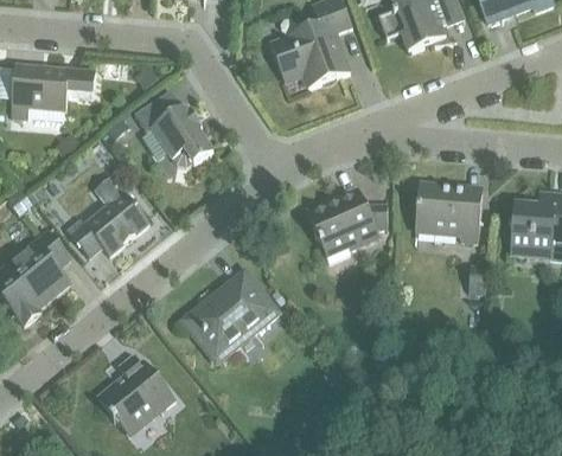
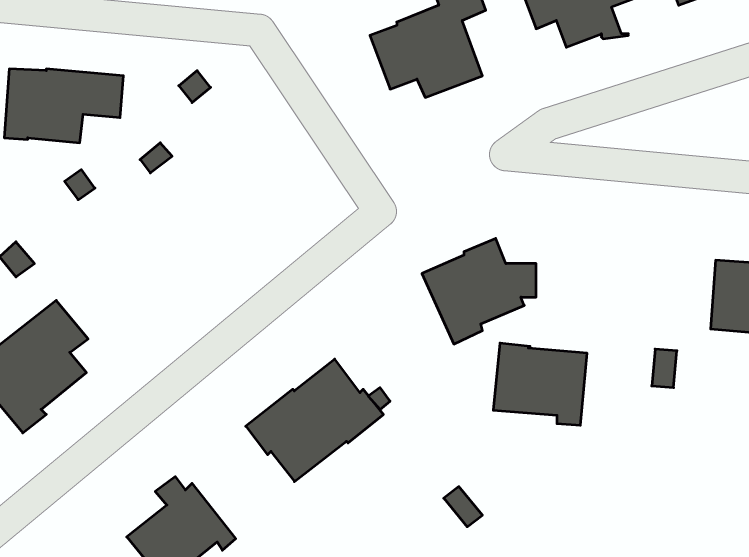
building: [134,89,212,165] -> none
building: [66,175,149,256] -> none
building: [415,182,481,240] -> [493,343,587,425]

